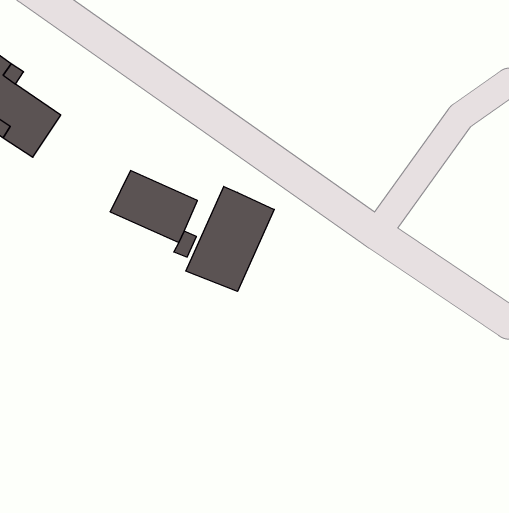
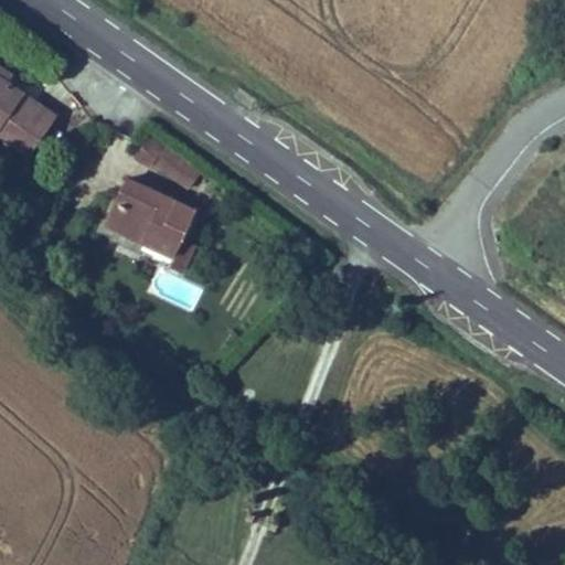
building: [186,186,274,291] -> none

